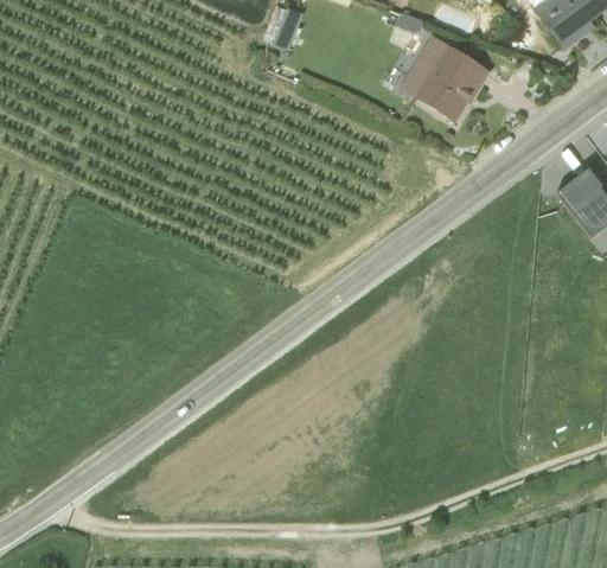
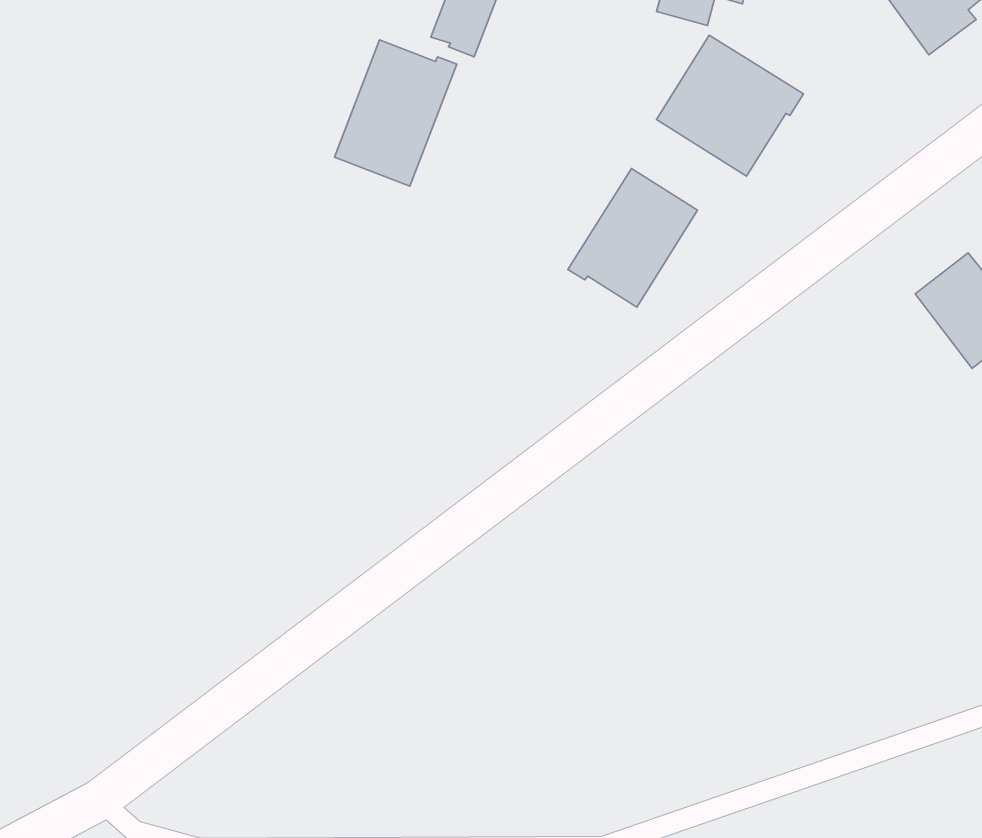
building: none -> [335,40,457,186]
building: none -> [568,169,698,307]

